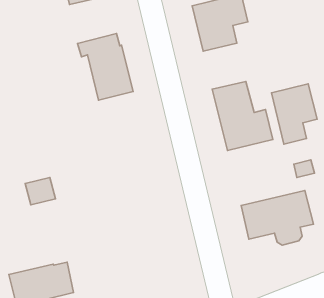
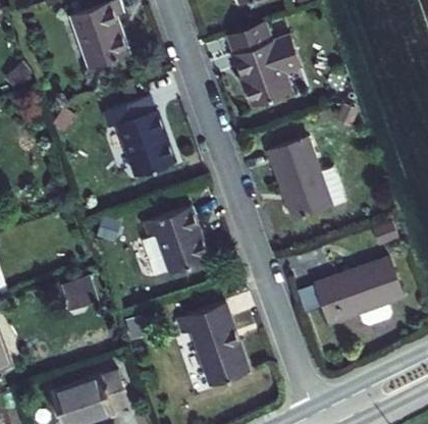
building: [272,84,317,144] -> none
building: none -> [142,206,208,277]
building: none -> [175,302,249,385]

